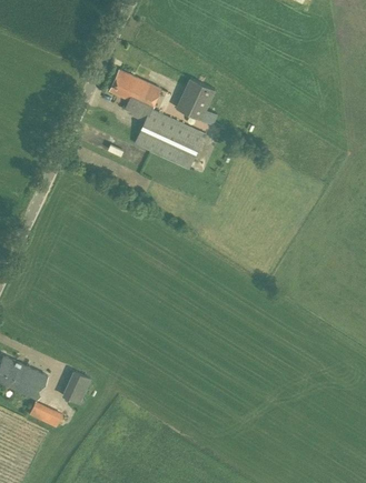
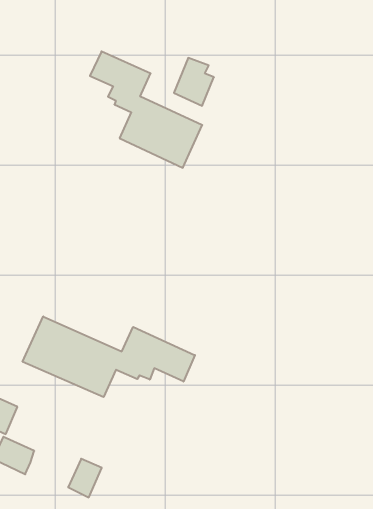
building: none -> [23,316,195,397]
building: [61,371,90,404] -> [68,459,102,497]

